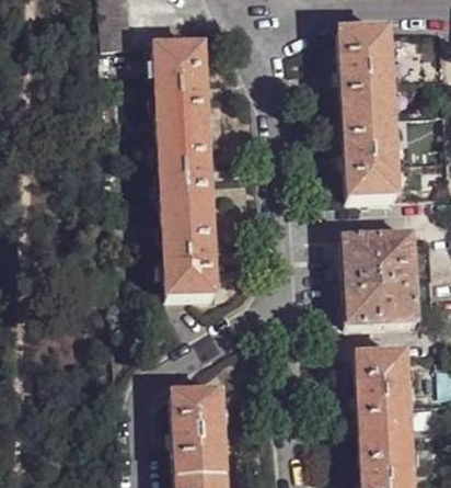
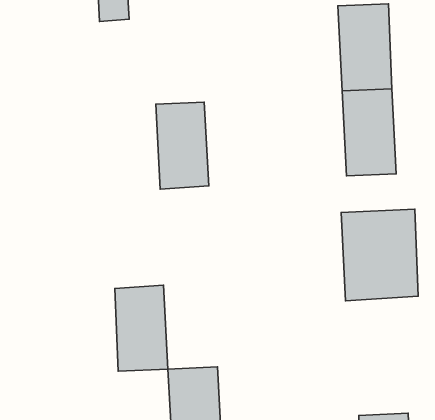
building: [153,38,206,124] -> none
building: [162,205,215,291] -> [115,285,168,371]
building: [355,348,408,433] -> none

